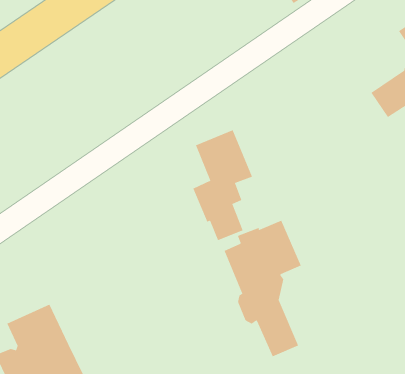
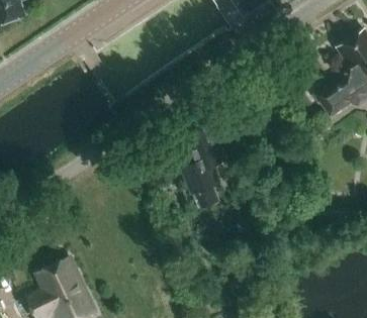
building: [224,220,301,357] -> none

